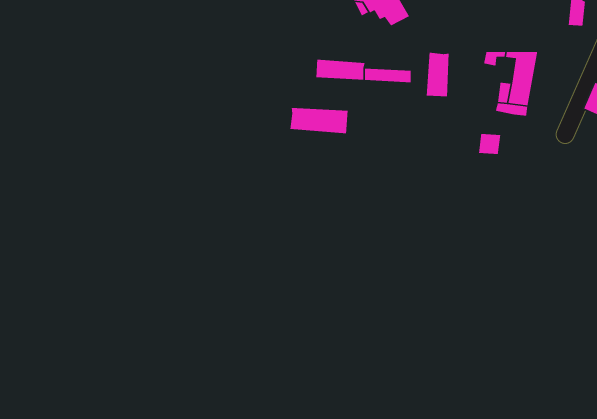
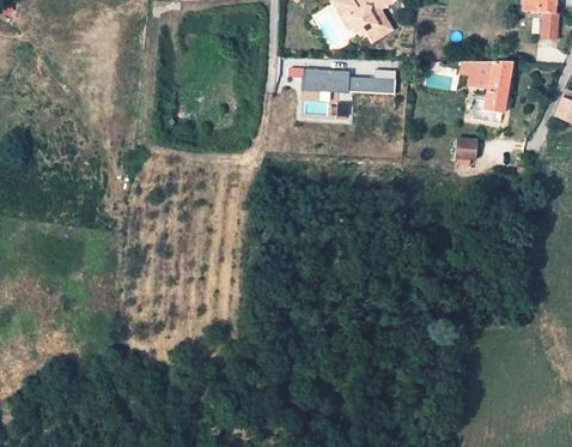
building: [426,52,450,97] -> none
building: [290,107,348,134] -> none

